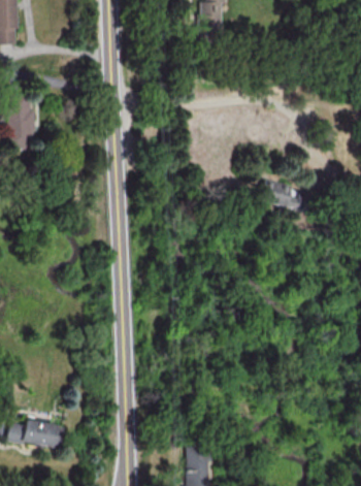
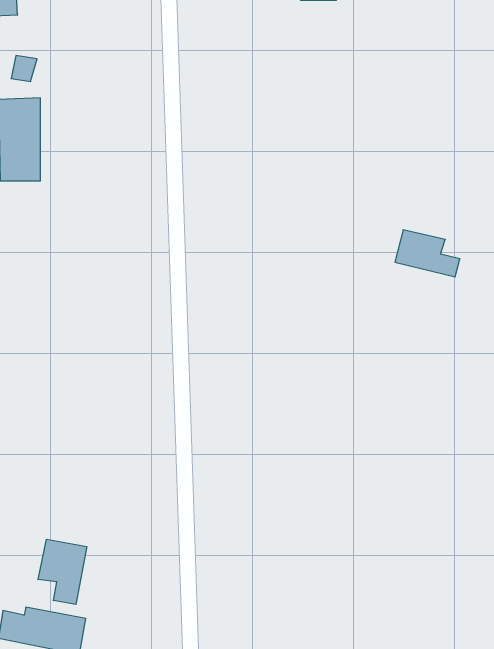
building: none -> [38,539,87,604]

